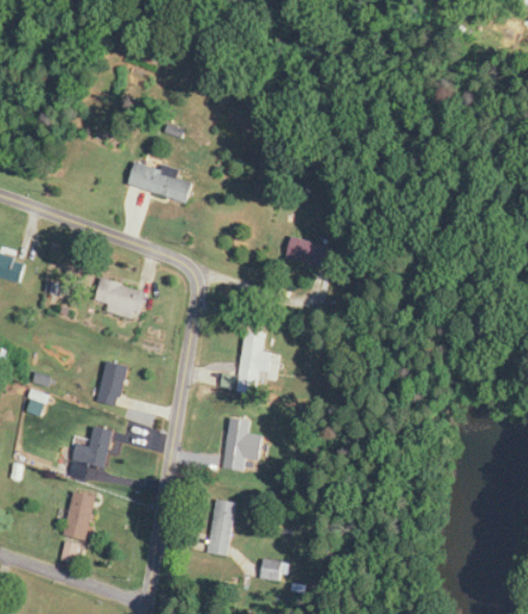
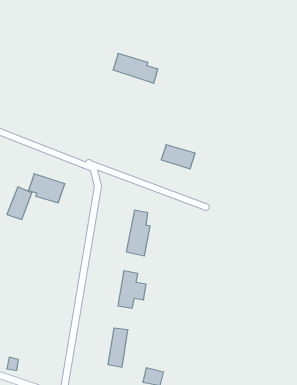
building: [127,159,192,203] -> [113,53,158,83]
building: [92,360,128,407] -> [7,187,32,219]
building: [73,427,110,466] -> none
building: [64,490,96,541] -> none

